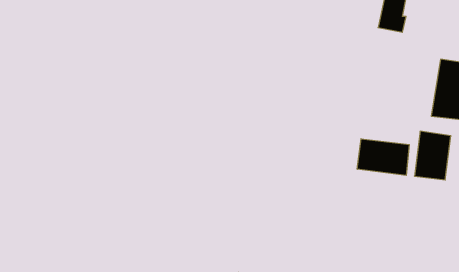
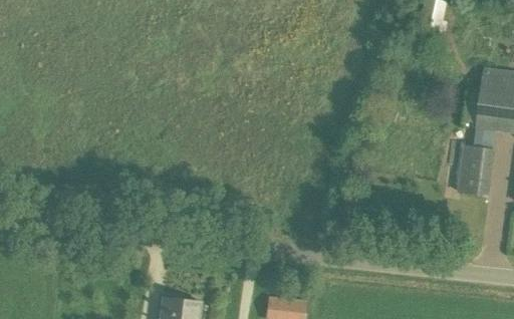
building: [357,139,409,175] -> none

